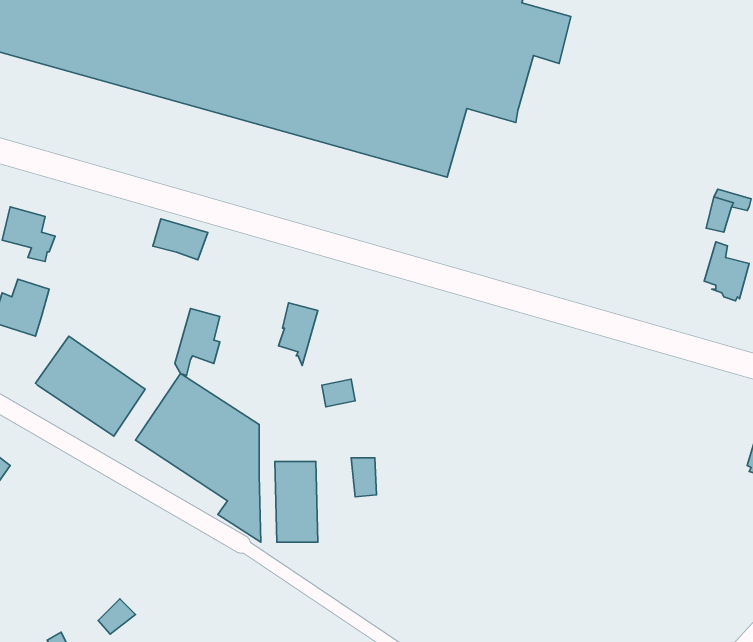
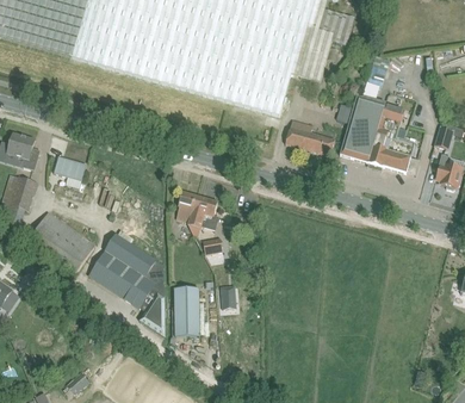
building: none -> [337,94,414,172]
building: none -> [284,119,334,155]
building: [153,219,208,260] -> [52,155,86,180]
building: [175,309,220,375] -> [190,196,217,236]

